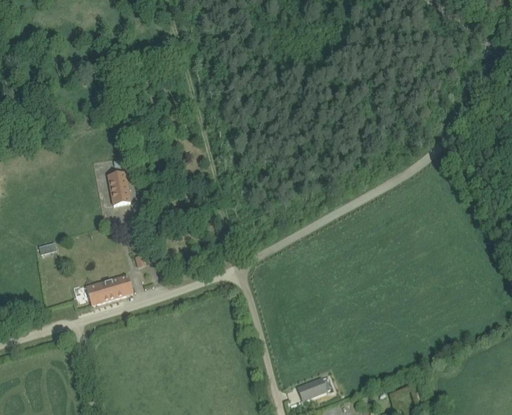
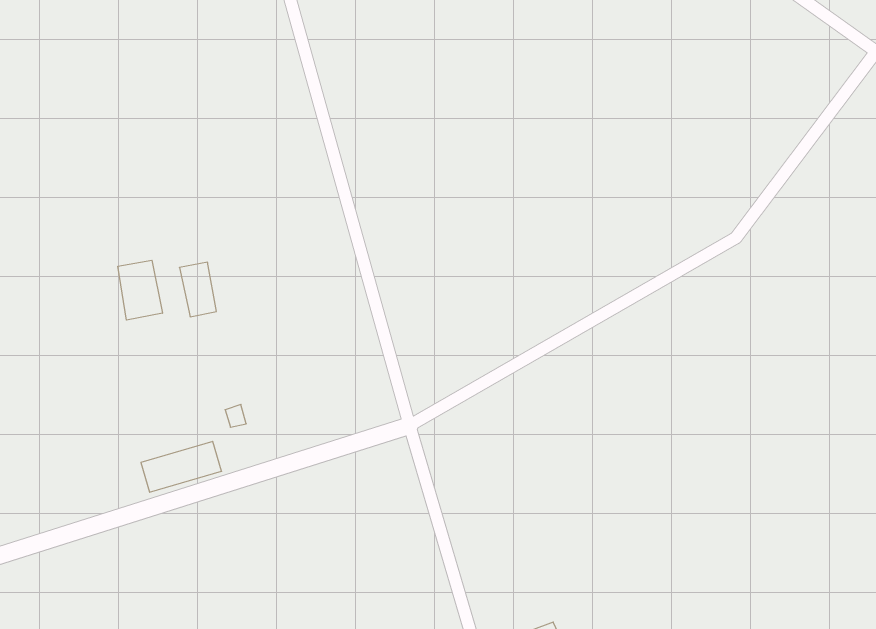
building: none -> [118,260,162,320]

